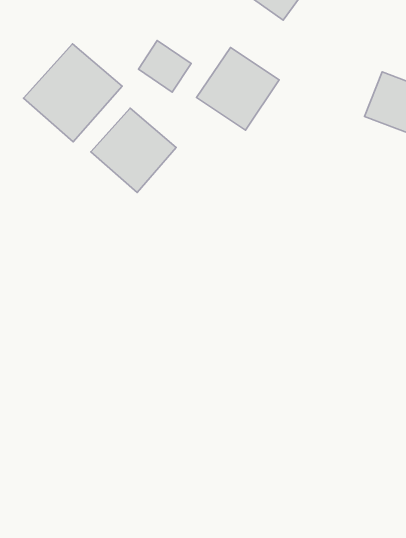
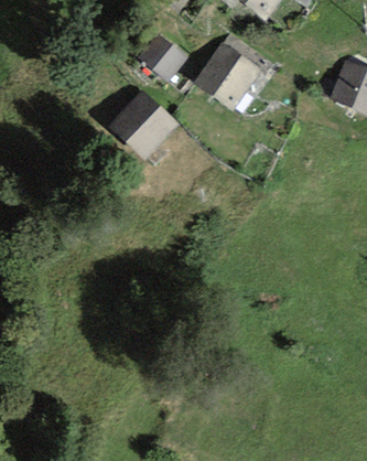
building: [24,44,122,142] -> none

